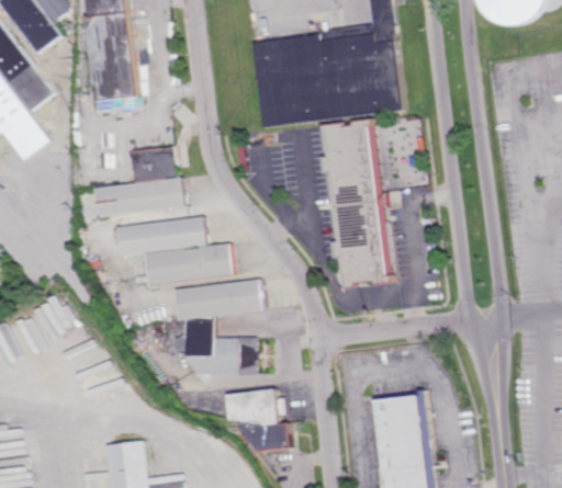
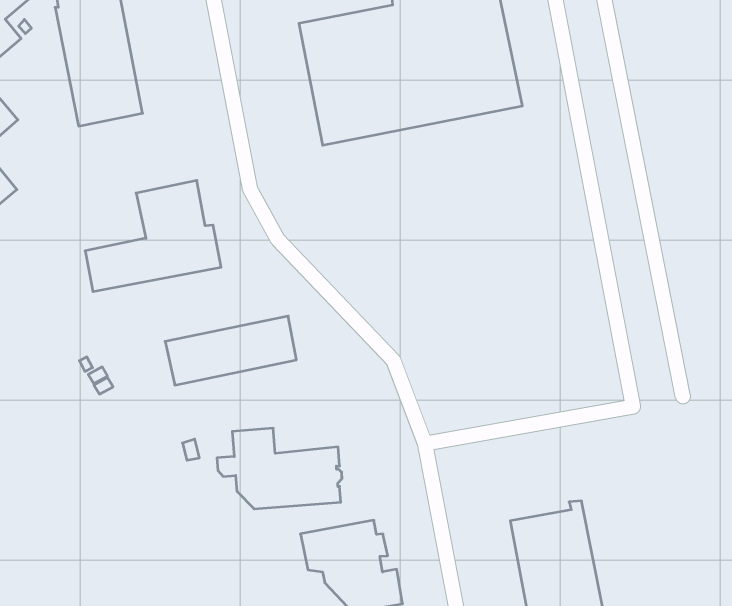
building: [318,116,391,286] -> none
building: [114,216,206,256] -> none
building: [172,279,262,320] -> none

